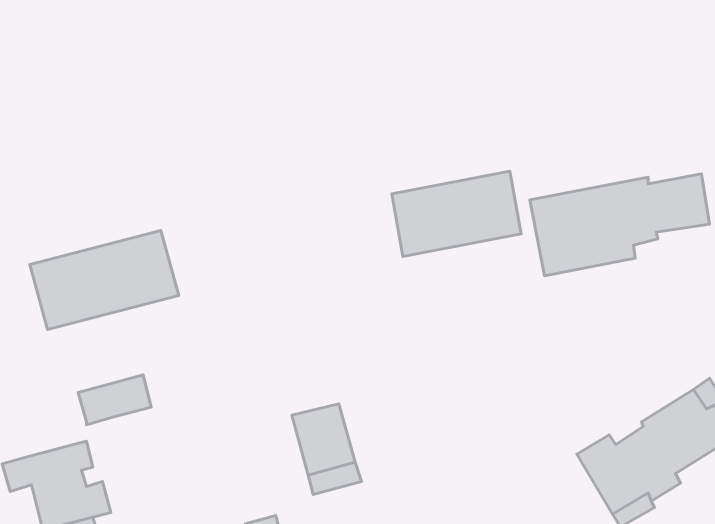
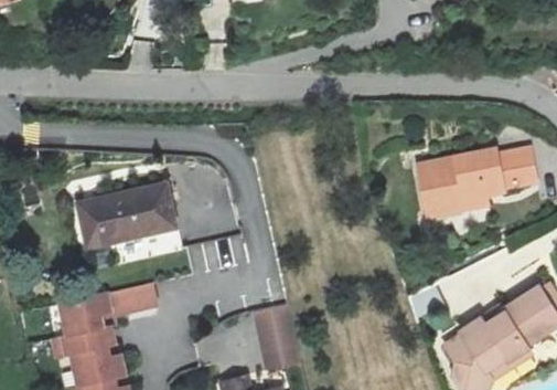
building: [392,171,521,256] -> none
building: none -> [63,295,114,339]

